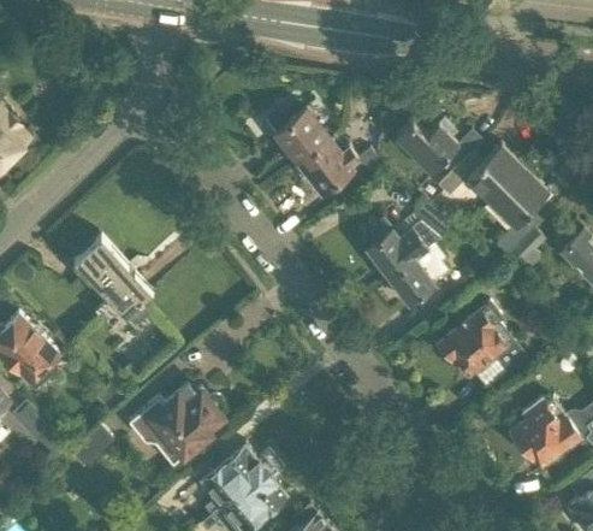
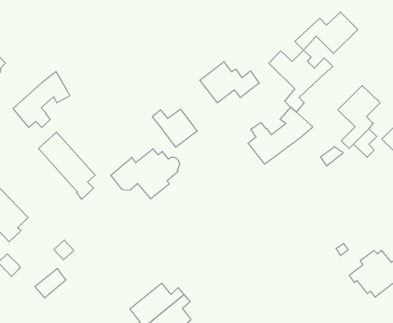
building: [266,110,328,163] -> [152,109,197,147]
building: [437,146,524,203] -> [295,12,358,54]
building: none -> [13,72,70,128]
building: [389,246,447,306] -> none
building: [437,303,527,377] -> none
building: [129,387,225,456] -> [111,149,180,199]

